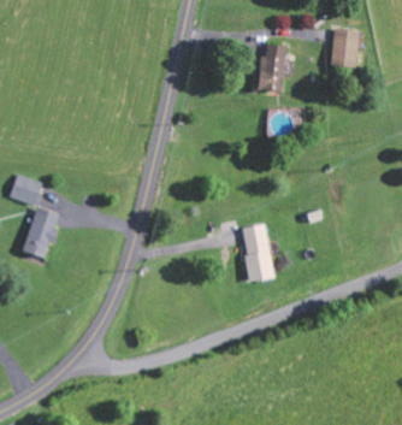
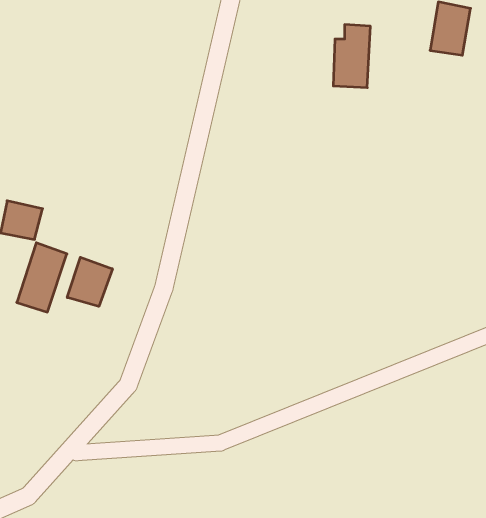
building: none -> [67,257,112,306]
building: [241,224,273,282] -> none

